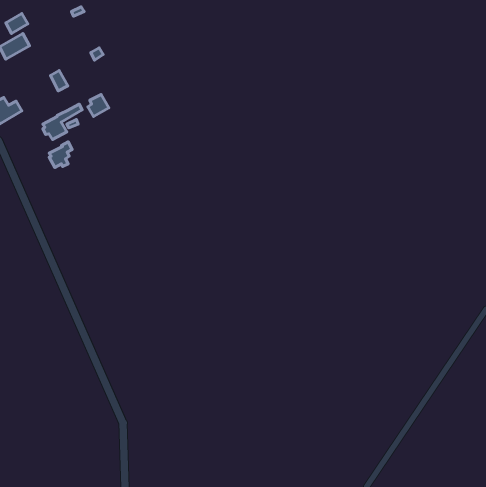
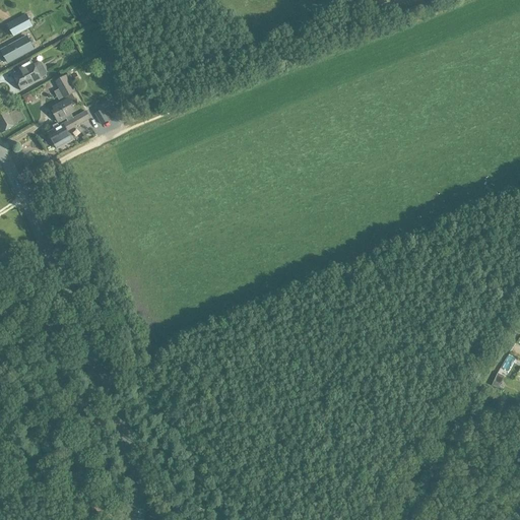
building: none -> [11,60,45,88]
building: [49,142,72,168] -> [51,94,75,122]

